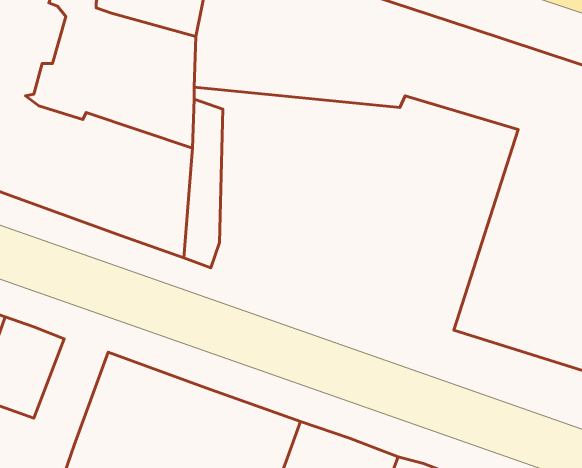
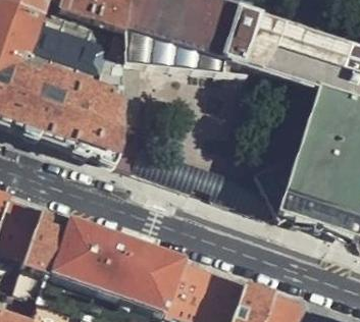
building: none -> [20,212,68,276]

